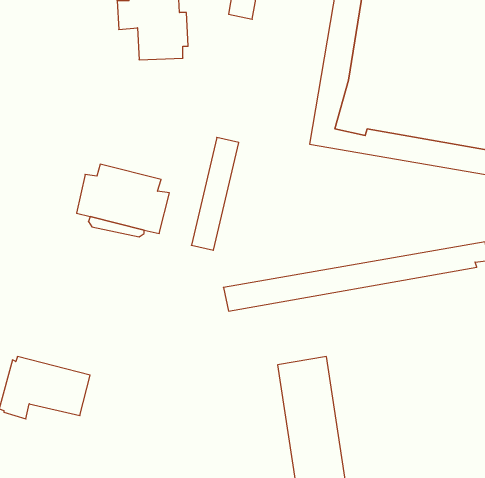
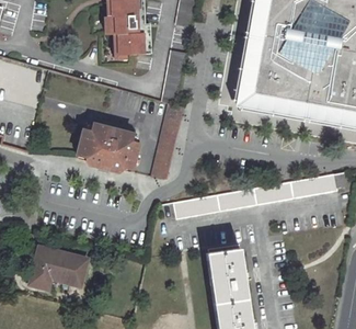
building: none -> [162,49,187,105]

